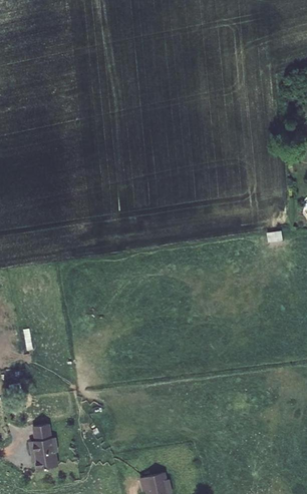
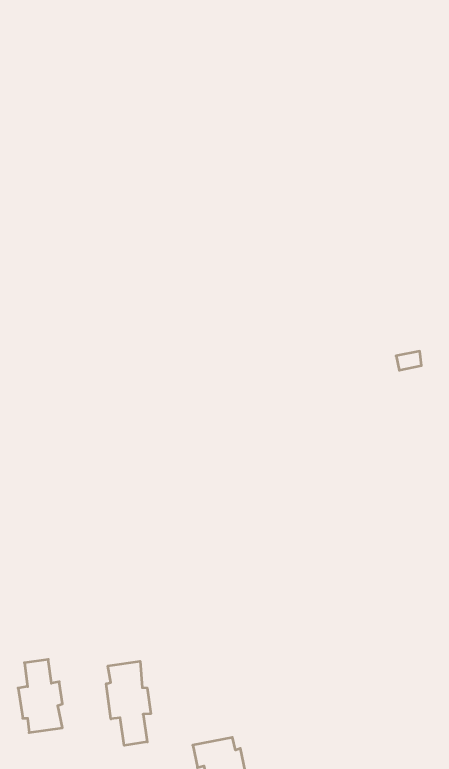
building: none -> [106,661,151,745]

